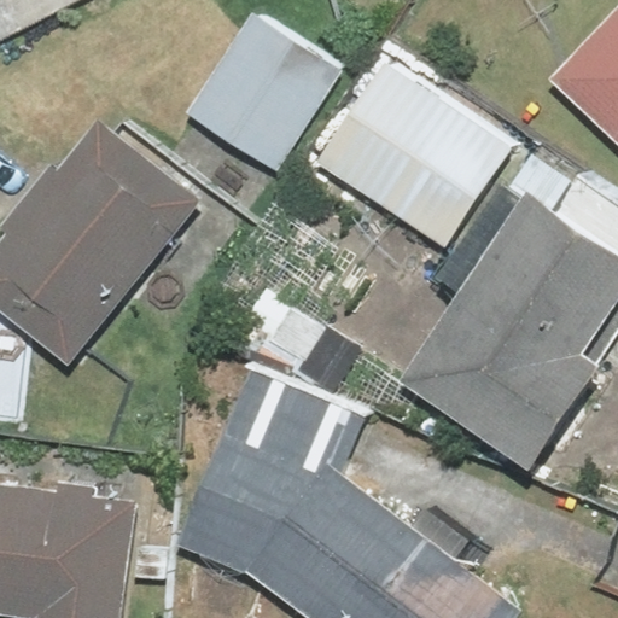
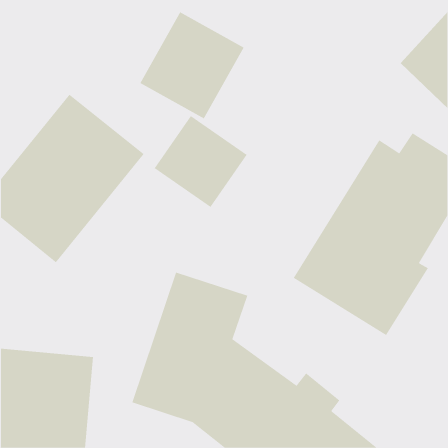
building: [313,57,509,245] -> none
building: none -> [154,115,247,208]

